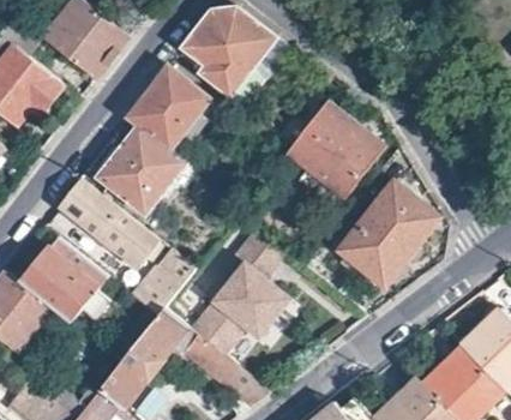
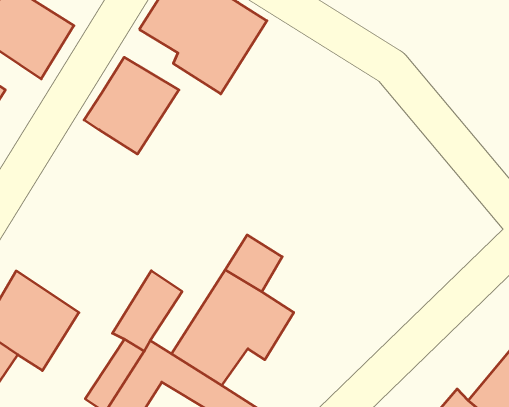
building: [287,101,381,196] -> none
building: [98,126,186,214] -> none
building: [58,178,161,269] -> none
building: [344,185,434,280] -> none

